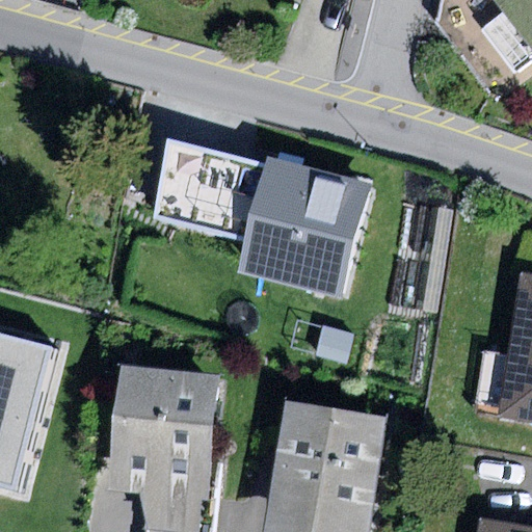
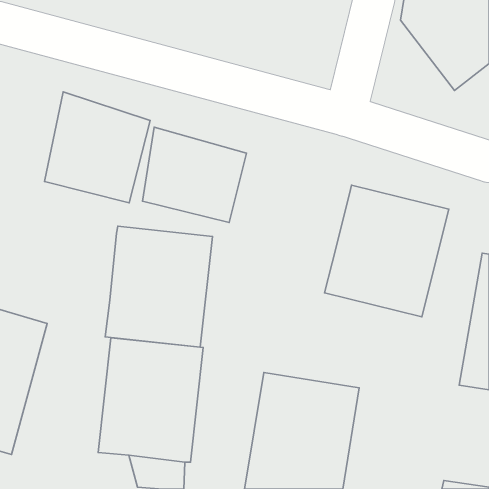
building: none -> [44,92,150,203]
building: [239,156,373,298] -> [325,185,449,317]
building: none -> [105,226,213,347]

